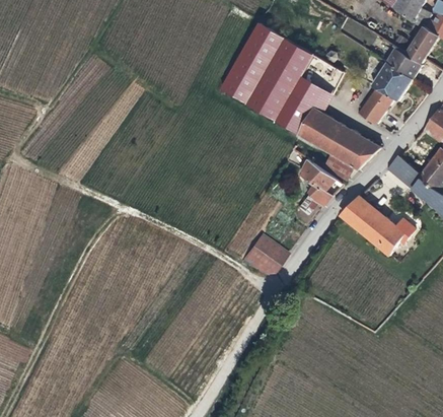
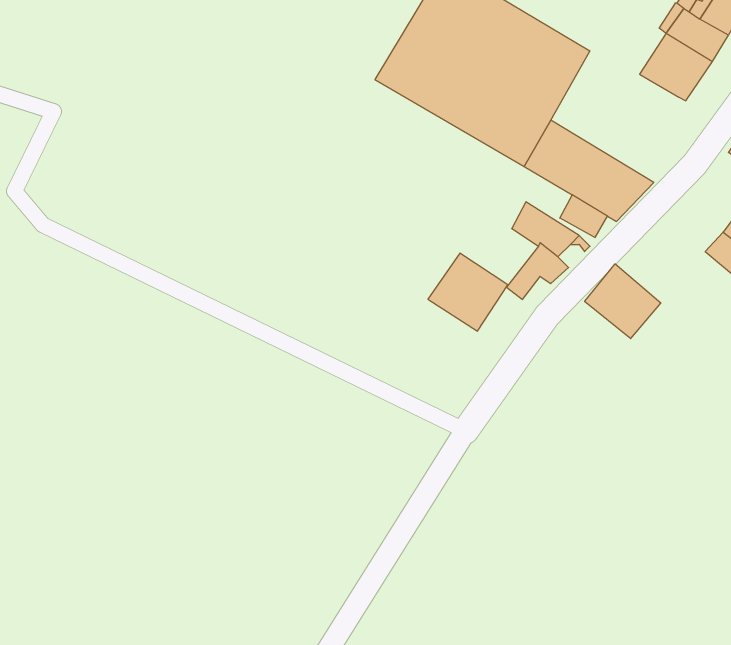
building: [359,88,393,123] -> none
building: [386,156,419,187] -> none
building: [366,216,414,254] -> none
building: [239,234,285,279] -> [428,253,508,331]

